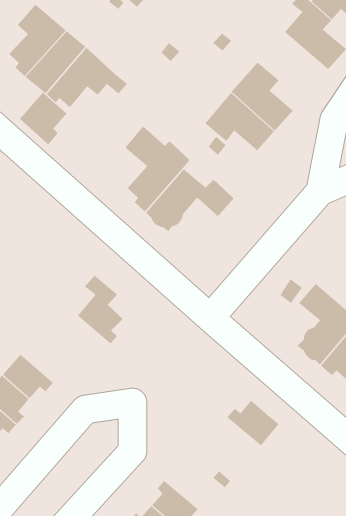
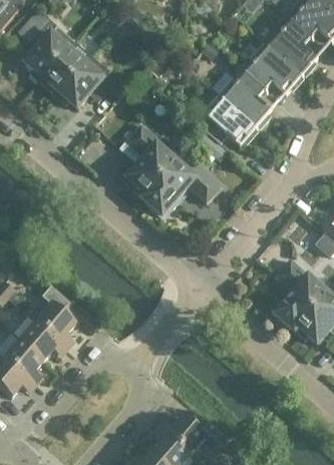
building: none -> [241,41,302,92]
building: [19,92,67,145] -> none
building: [77,275,123,344] -> [35,285,75,345]
building: [226,400,280,446] -> [159,414,206,454]

